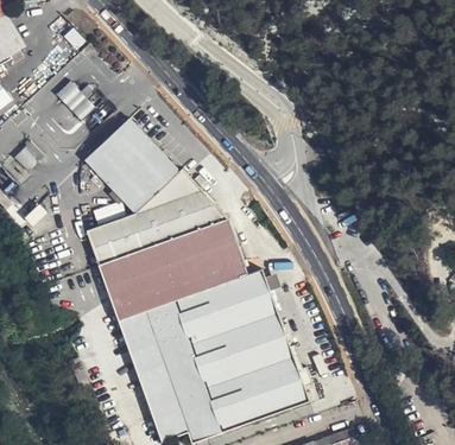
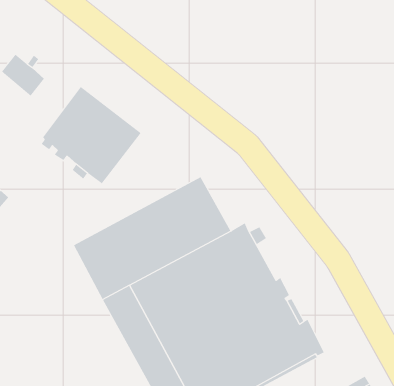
building: [86,169,227,265] -> none

